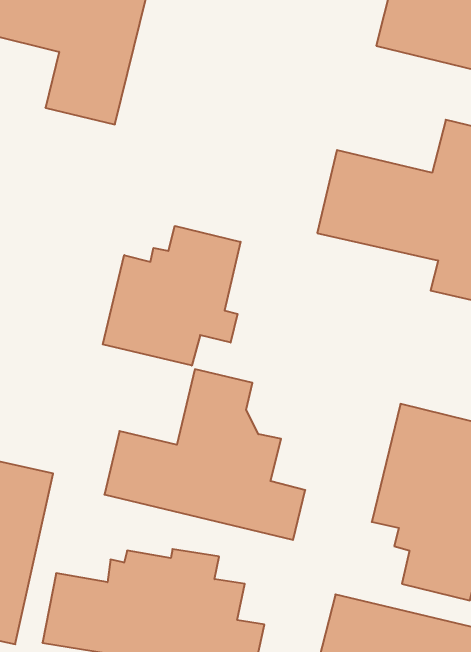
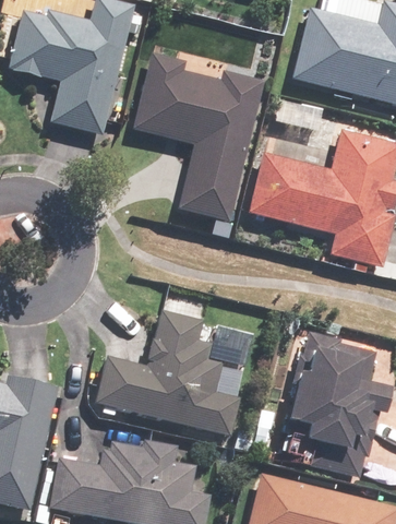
building: none -> [133,53,264,222]
building: [103,226,241,366] -> none

